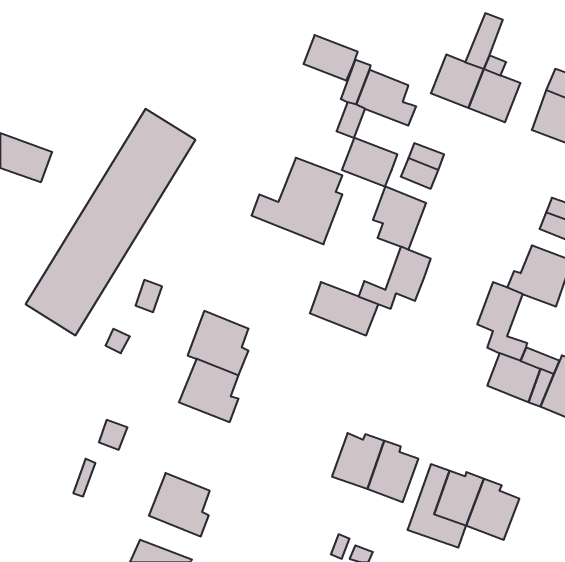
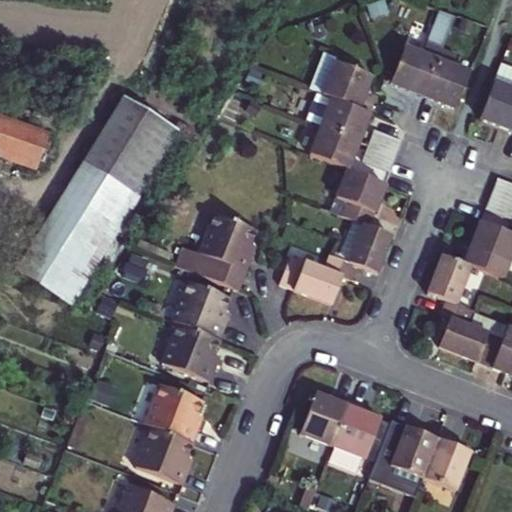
building: [303,35,358,81] -> [321,98,370,139]
building: [251,158,342,244] -> [175,213,257,291]
building: none -> [146,384,201,442]

